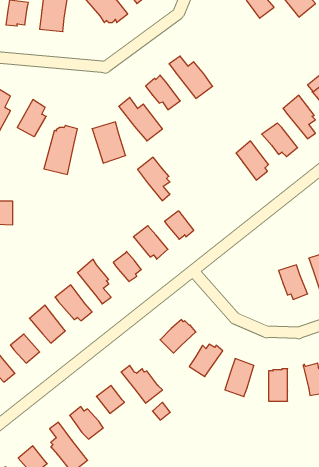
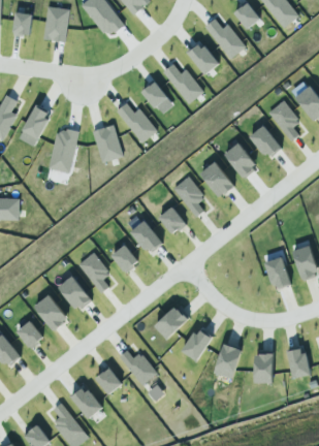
building: none -> [205,19,245,59]
building: none -> [188,44,219,74]
building: [138,157,170,201] -> [173,177,203,217]
building: none -> [200,161,233,196]

